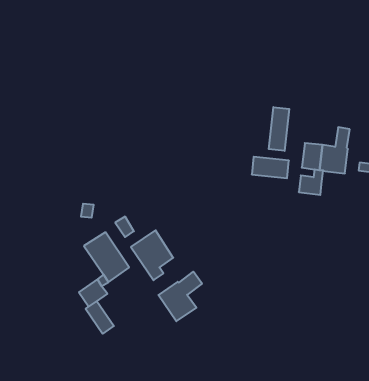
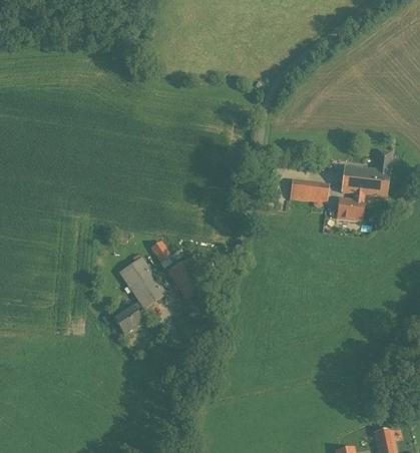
building: [269,107,289,151] -> none
building: [158,272,202,321] -> none
building: [86,301,114,334] -> none

